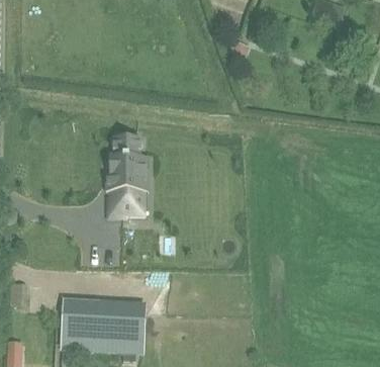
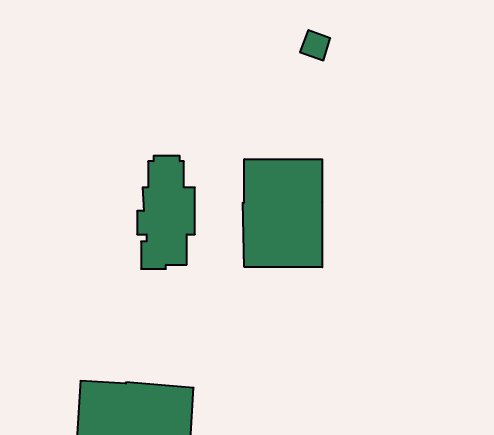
building: none -> [243,159,322,267]

